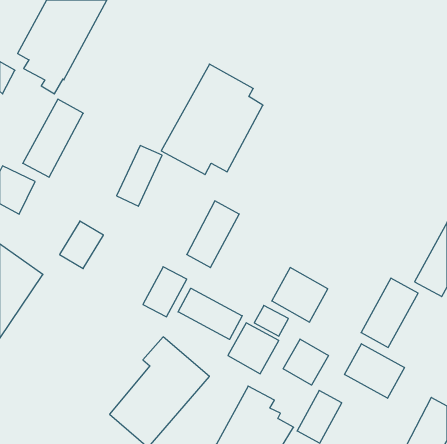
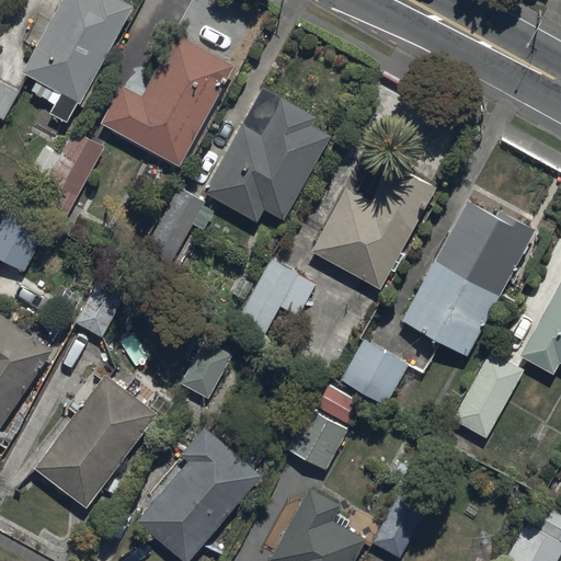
building: none -> [100,33,234,167]
building: none -> [311,152,439,290]
building: none -> [400,195,534,357]
building: [178,288,242,339] -> none
building: none -> [34,376,160,510]
building: [283,339,328,385] -> none
building: [345,344,404,398] -> none

